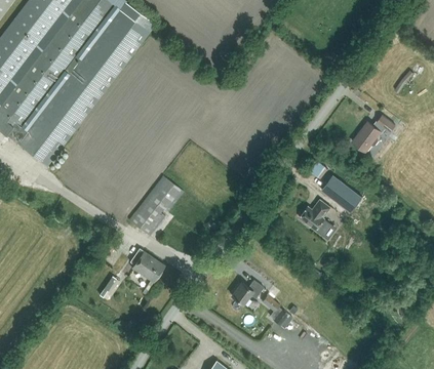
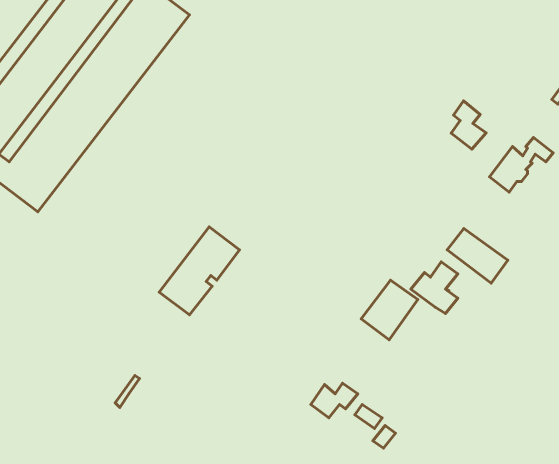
building: none -> [451,101,486,149]
building: none -> [361,280,418,340]
building: [128,247,163,280] -> none

